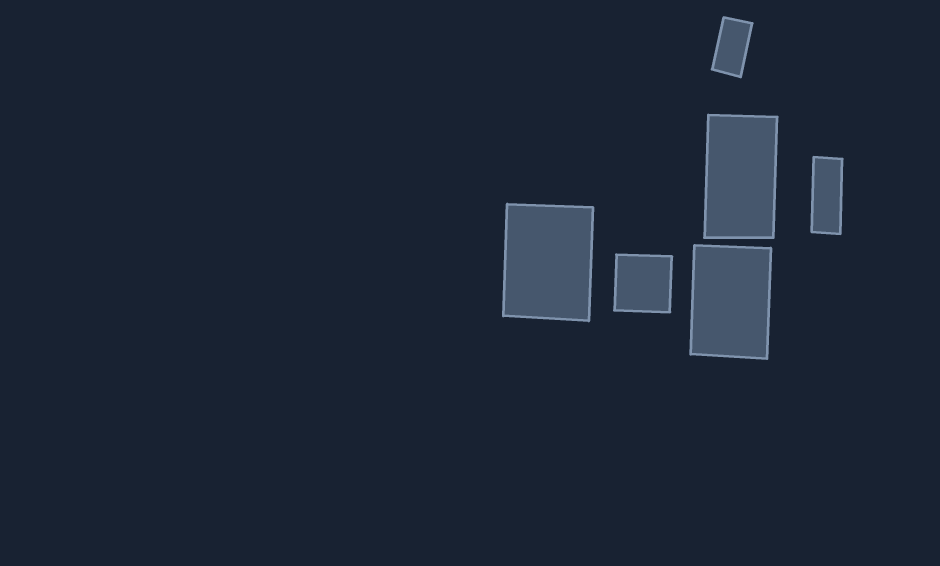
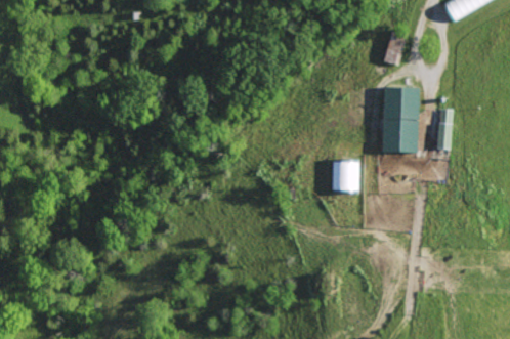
building: [503,204,593,321] -> none
building: [691,245,771,359] -> none

